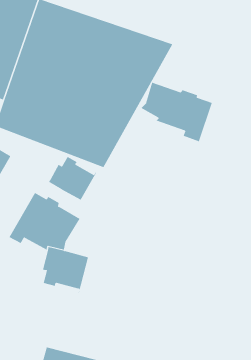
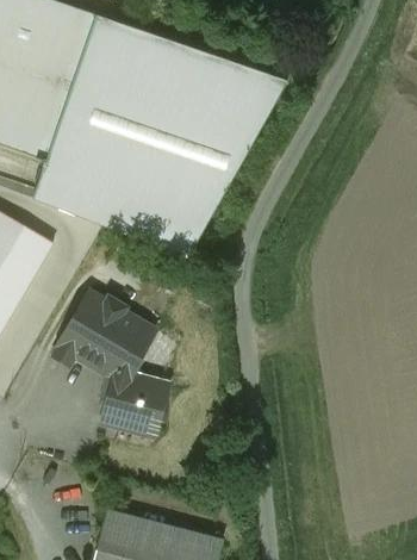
building: [140,82,213,142] -> none
building: [48,156,97,201] -> none

